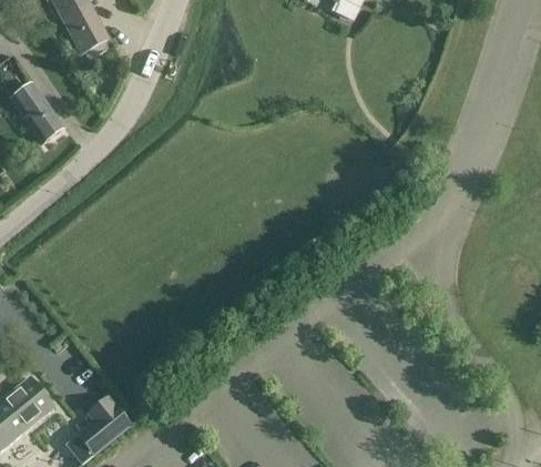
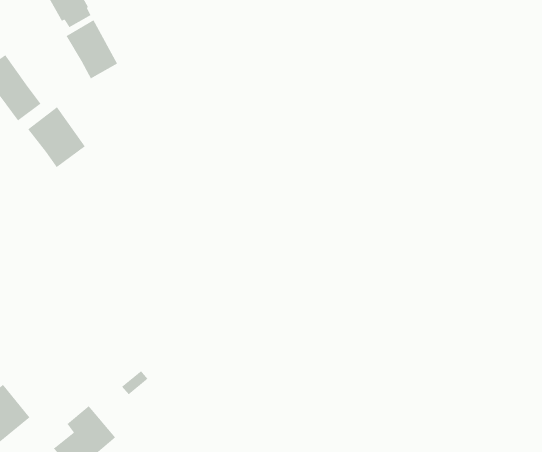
building: none -> [65,19,118,79]
building: none -> [27,106,86,168]

